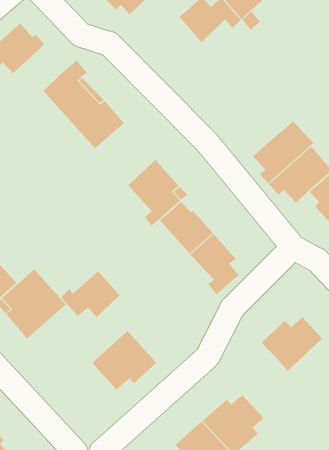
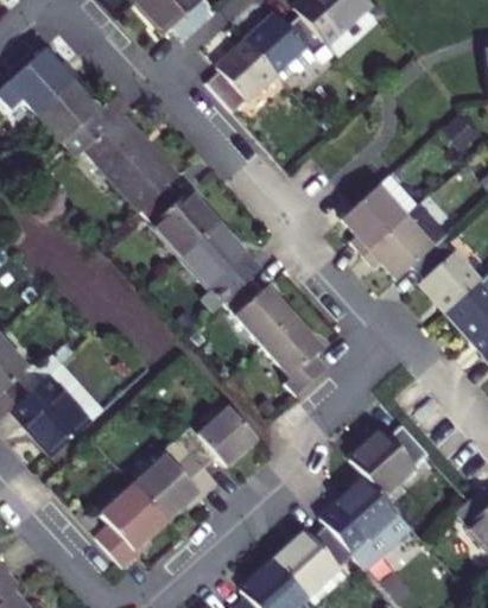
building: none -> [207,39,275,112]
building: none -> [33,75,99,144]
building: none -> [139,183,216,255]
building: [60,271,120,318] -> [180,407,258,468]
building: none -> [328,475,413,568]
building: none -> [95,483,166,566]

